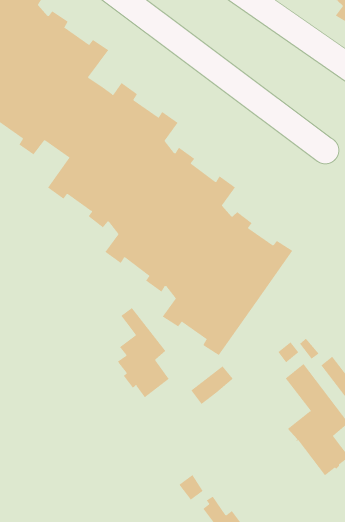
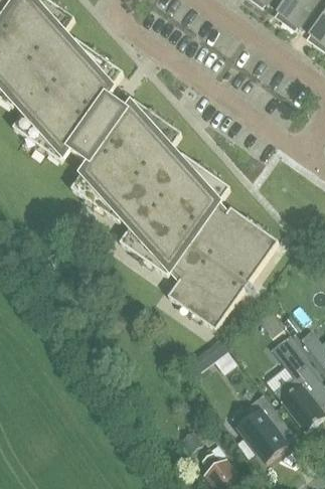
building: [117,307,169,398] -> none
building: none -> [238,391,287,461]

